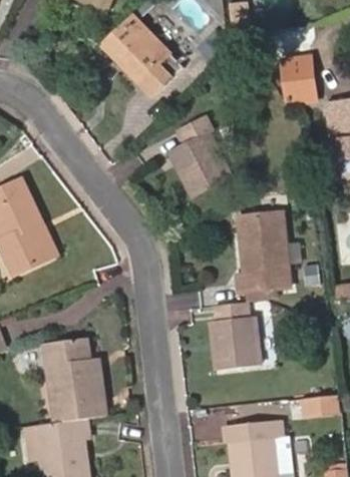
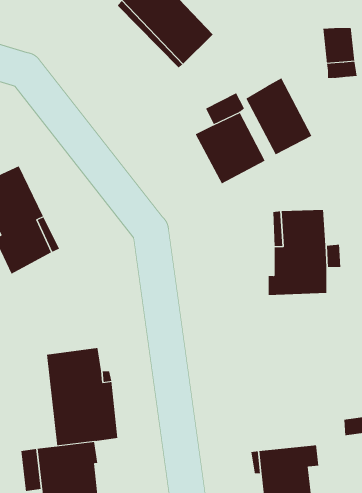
building: none -> [245,77,312,155]
building: [209,303,256,372] -> none

